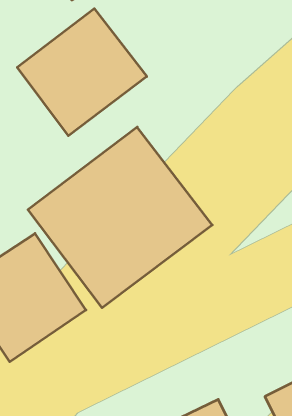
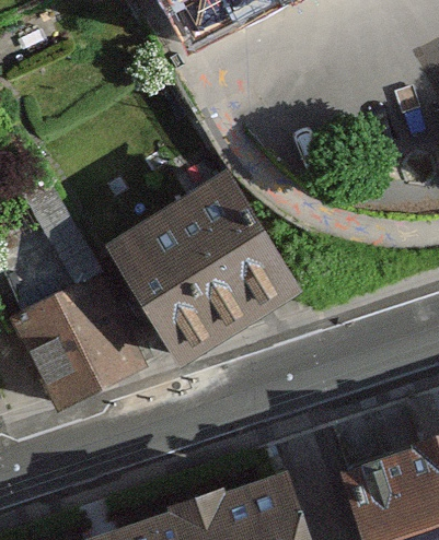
building: [17,9,147,136] -> none

